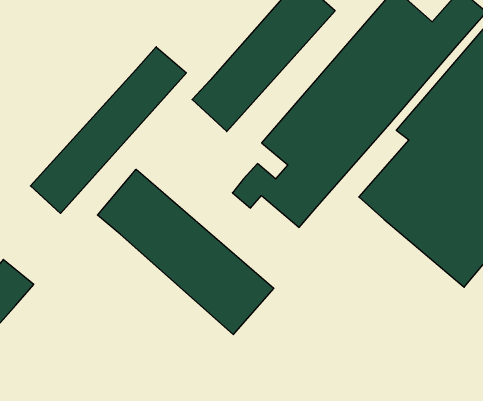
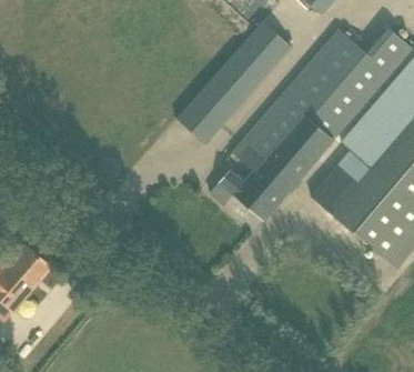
building: [30,47,186,213] -> none
building: [97,169,274,335] -> none

